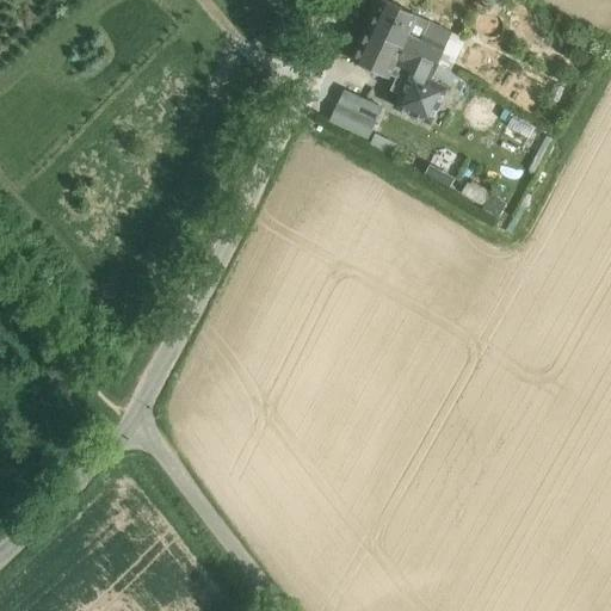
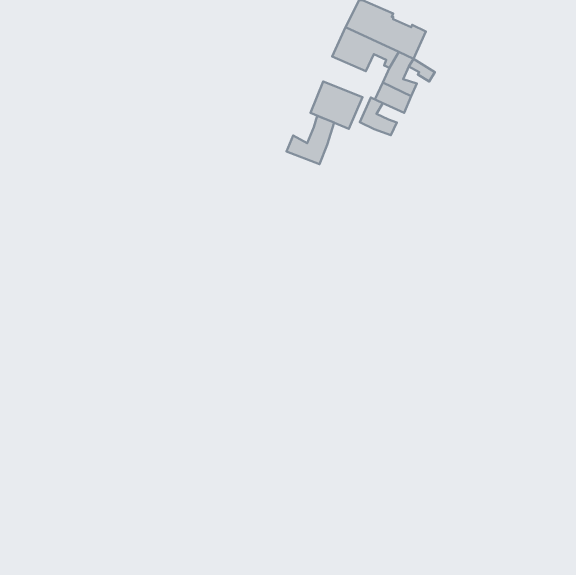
building: none -> [360,97,397,135]
building: none -> [287,116,334,164]

